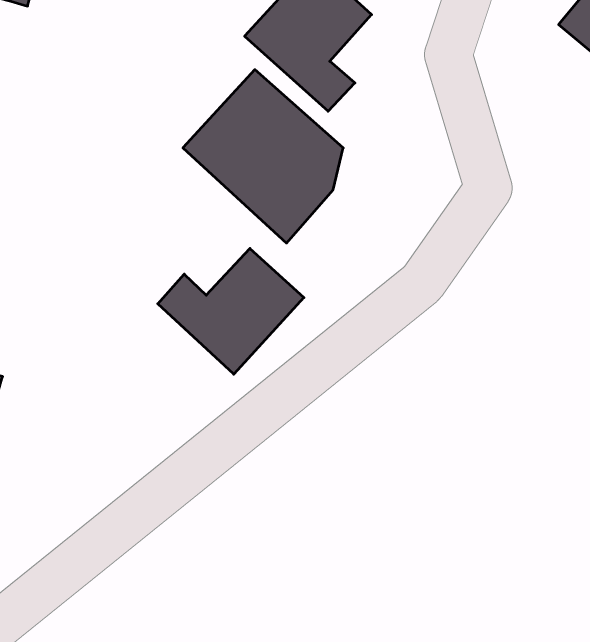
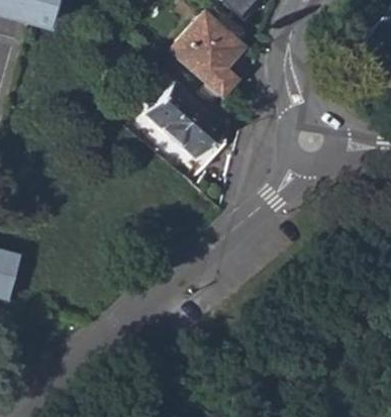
building: [158,248,304,374] -> none

